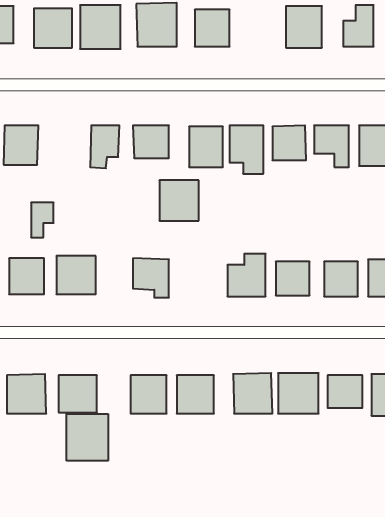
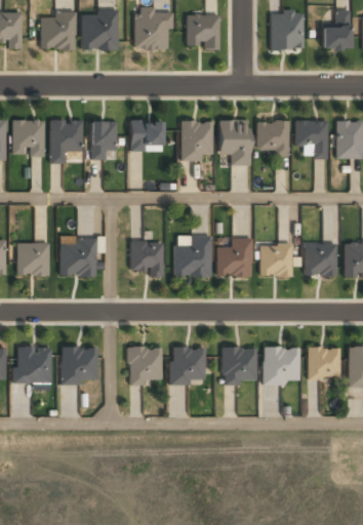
building: [159,180,199,221] -> [174,239,210,276]
building: [31,203,54,237] -> [52,130,73,162]
building: [67,414,108,461] -> none

